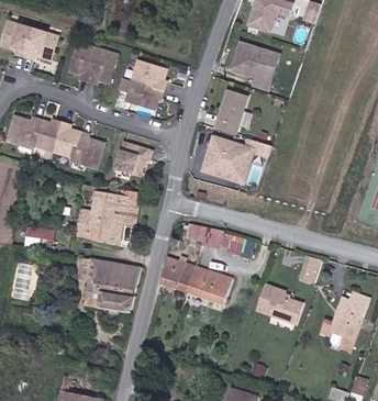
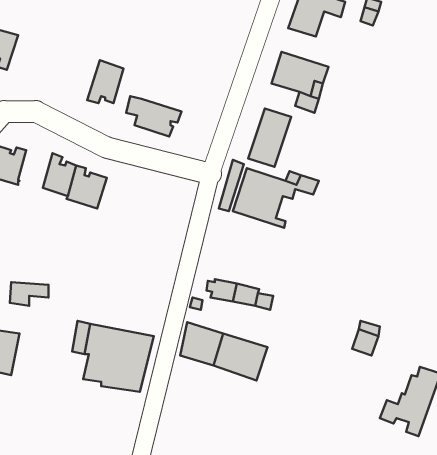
building: [24,30,58,62] -> none
building: [69,43,98,81] -> none
building: [131,60,166,90] -> none
building: [33,121,60,151] -> none
building: [115,146,151,178] -> none
building: [88,191,138,244] -> none
building: [257,283,302,322] -> none

